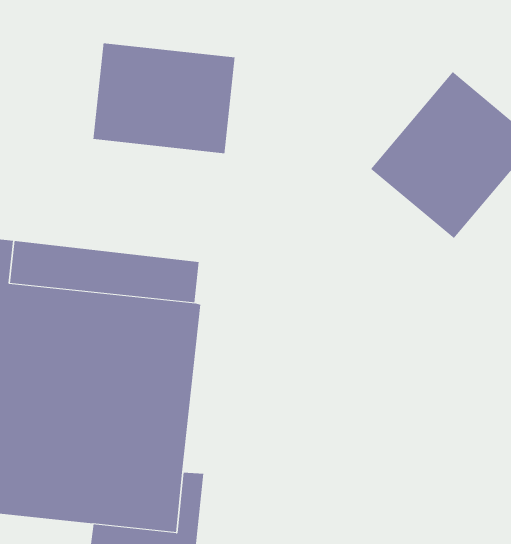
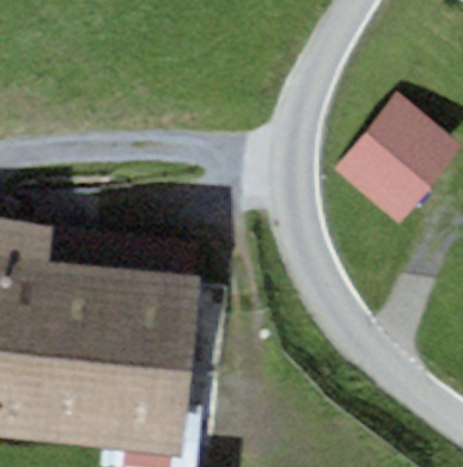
building: [93,42,235,154] -> none

